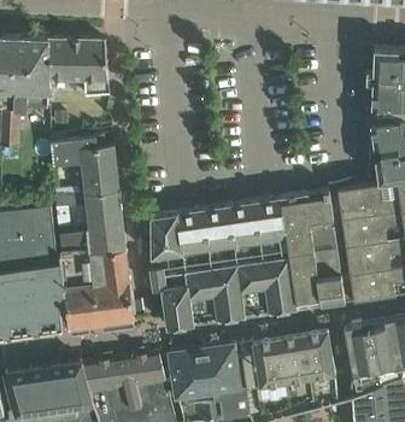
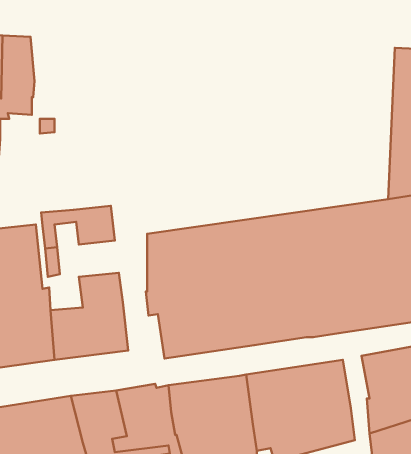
building: [46,39,108,96] -> none
building: [51,136,118,194] -> none
building: [87,222,125,254] -> none

